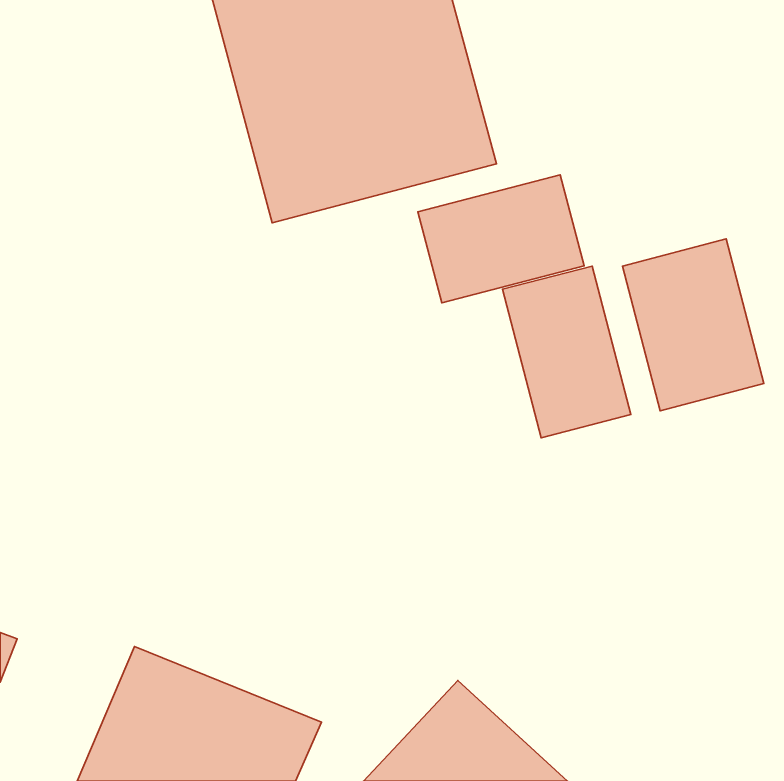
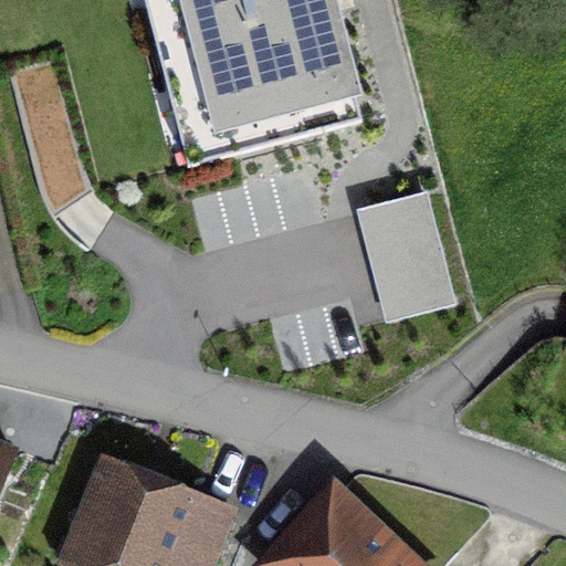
building: [418,175,584,303] -> none
building: [623,239,764,411] -> none

